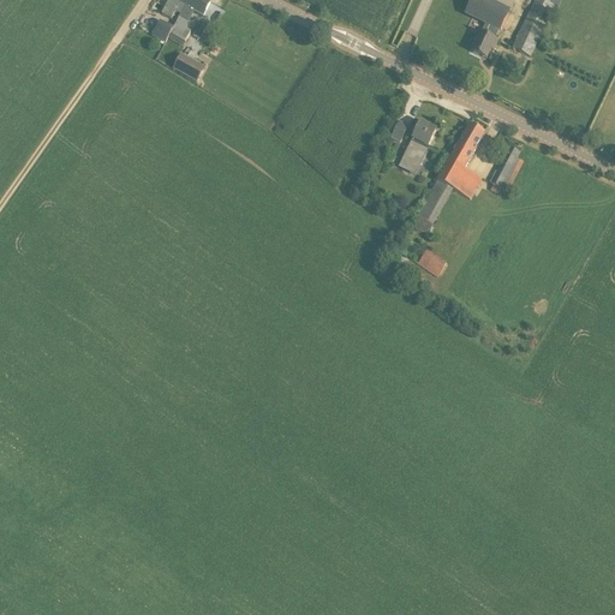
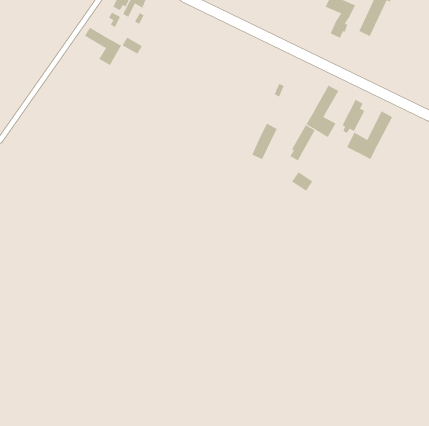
building: none -> [84,27,122,66]
building: [399,119,436,172] -> [251,123,277,160]
building: none -> [346,111,393,160]

